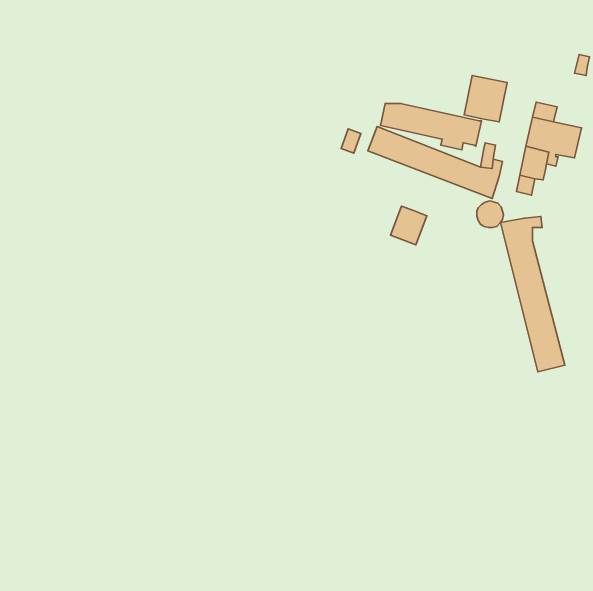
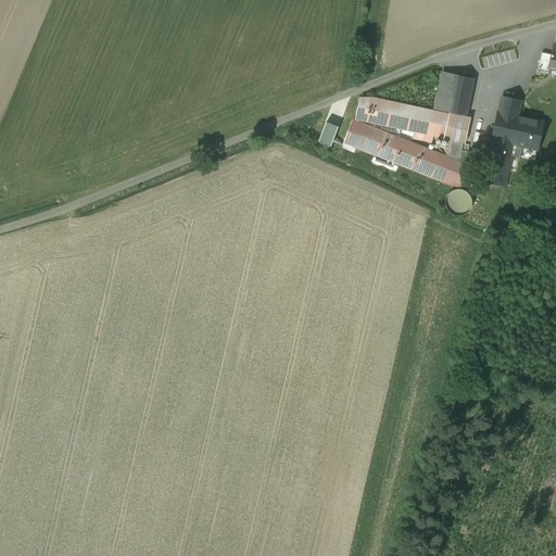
building: none -> [443,111,470,142]
building: [390,206,427,245] -> none
building: [500,217,565,372] -> none

